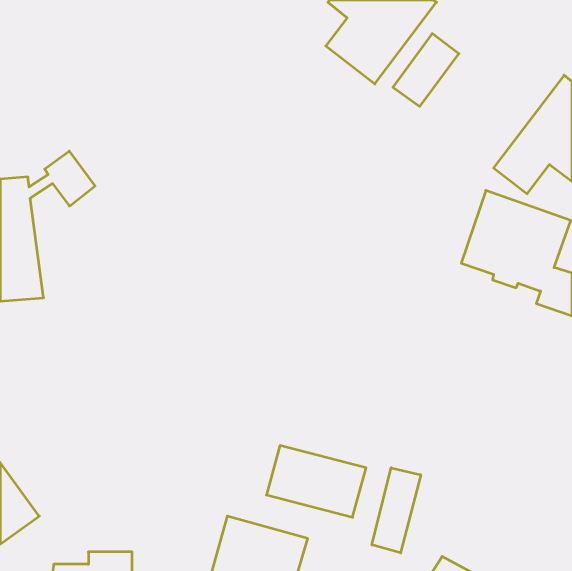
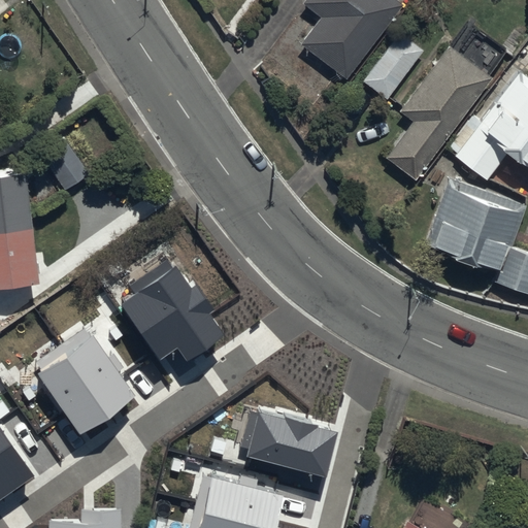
building: none -> [385,45,492,179]
building: none -> [120,267,224,361]
building: none -> [37,336,135,435]
building: [372,468,421,553] -> none

